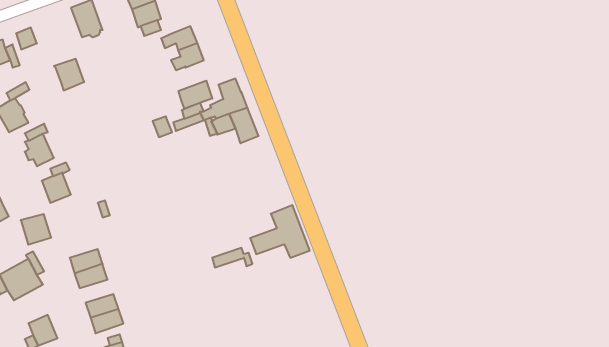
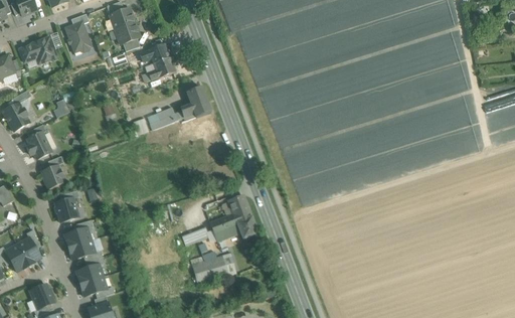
building: [54,59,84,90] -> [30,37,55,63]
building: [178,81,212,109] -> none
building: [21,214,51,245] -> [55,198,80,223]
building: none -> [193,250,232,283]

